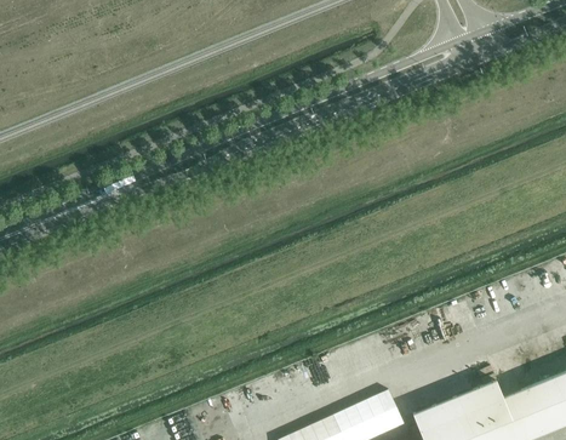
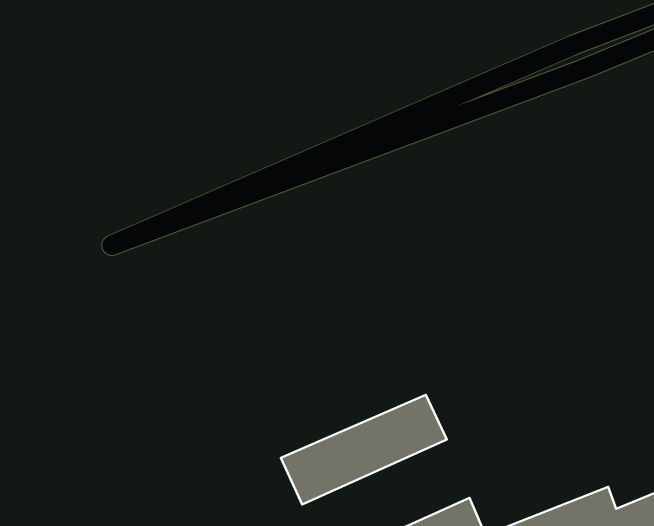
building: none -> [281,395,447,505]

